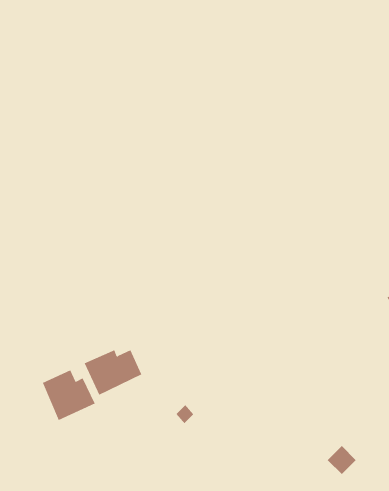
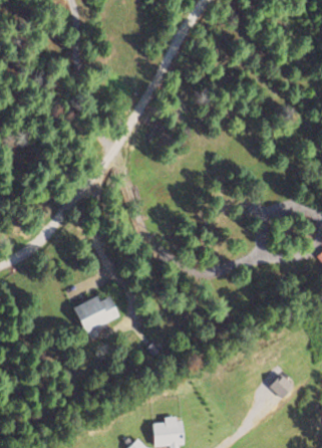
building: [42,369,96,421] -> none

